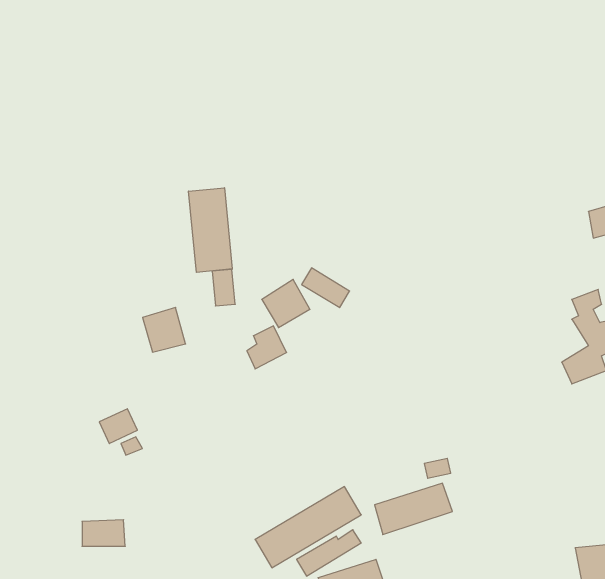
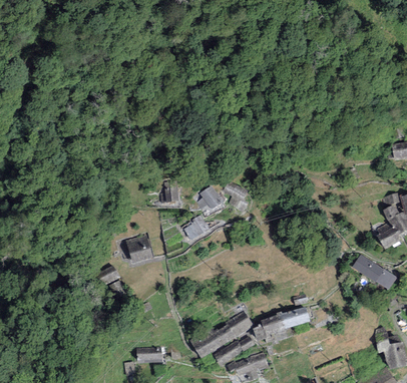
building: [189,188,232,272] -> none
building: [143,307,186,352] -> [126,235,152,262]
building: none -> [352,254,396,290]
building: [82,520,125,546] -> [137,346,163,362]

